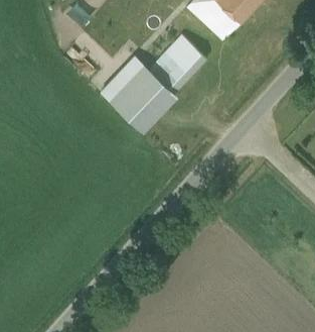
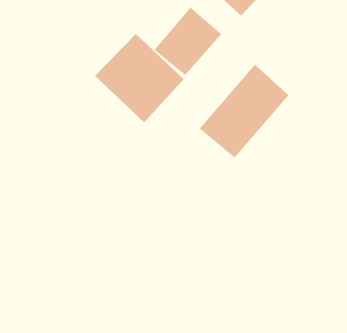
building: none -> [199,64,289,159]

